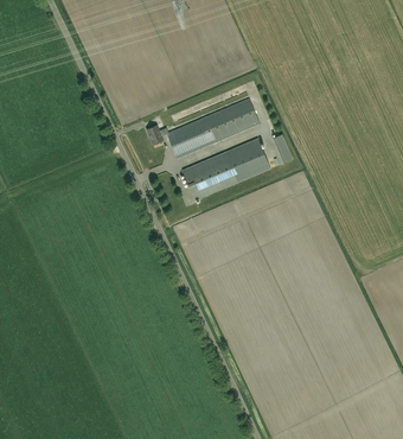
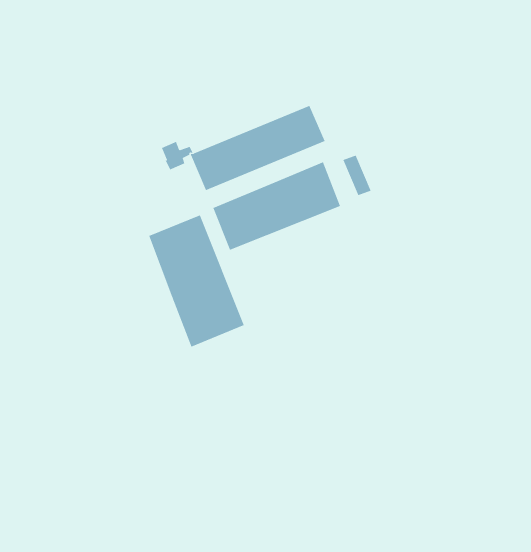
building: none -> [148,215,245,347]

